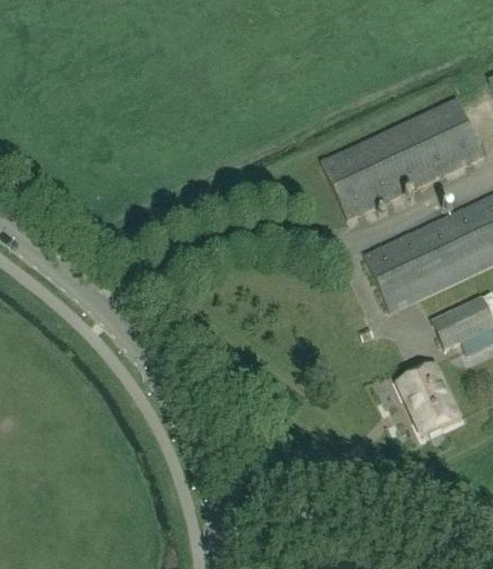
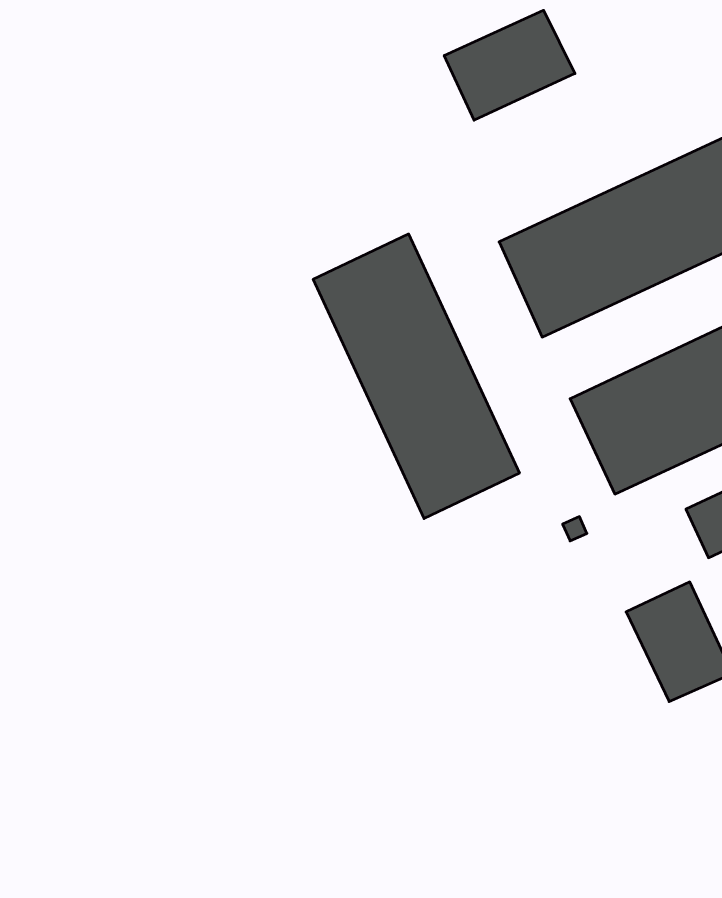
building: none -> [444,10,575,120]
building: none -> [313,234,519,519]

